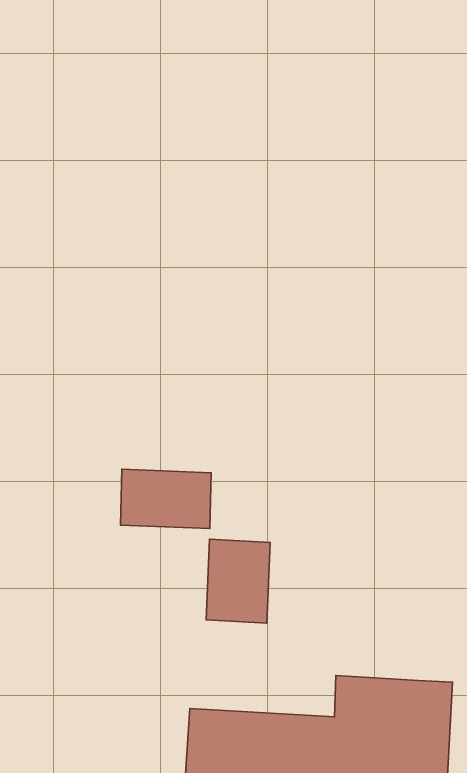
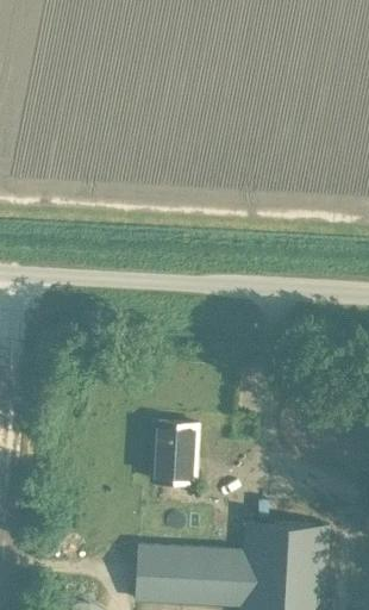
building: [120,469,211,529] -> none

